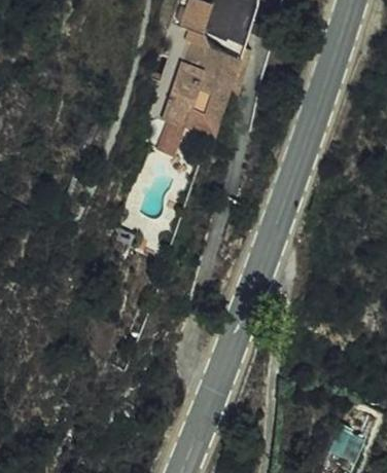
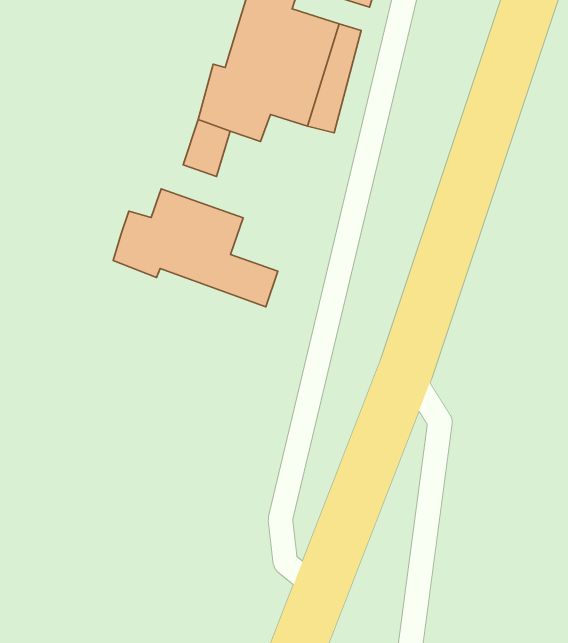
building: none -> [113,189,278,307]

